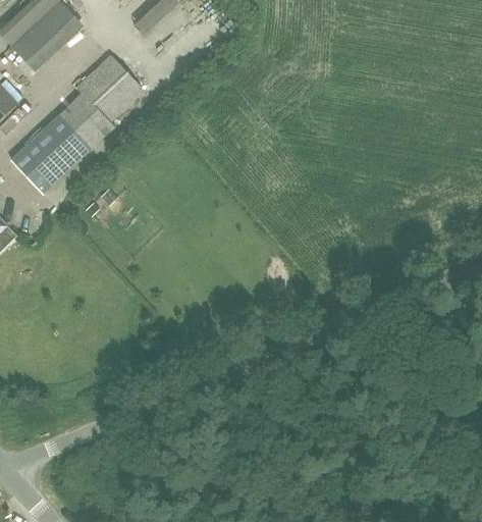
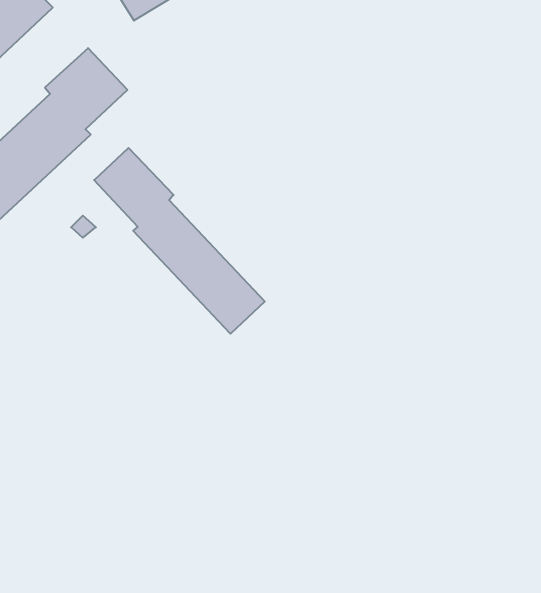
building: none -> [94,148,265,334]

